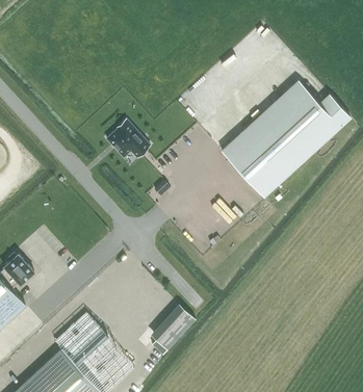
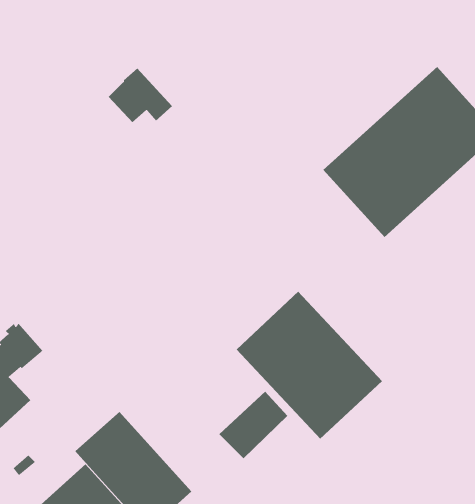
building: [107,120,151,157] -> [108,67,173,123]
building: none -> [236,291,383,439]

